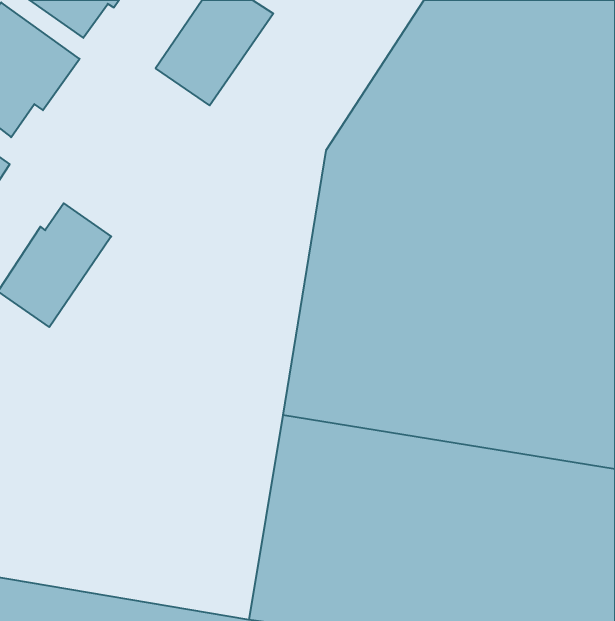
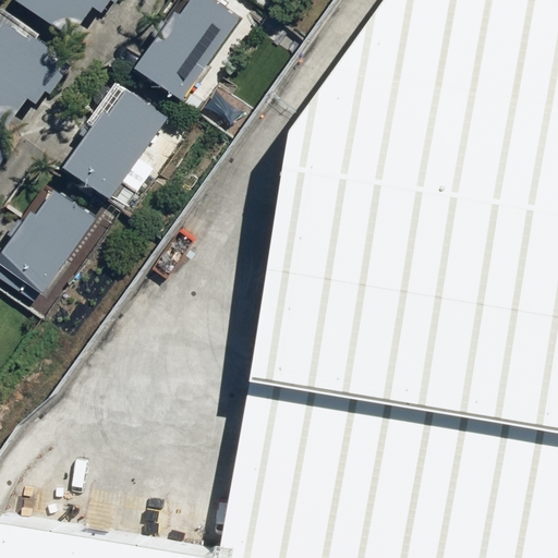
building: none -> [66,83,170,196]

